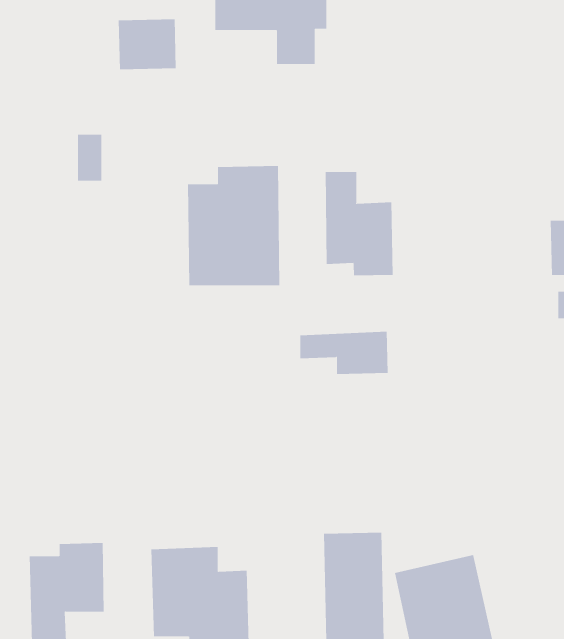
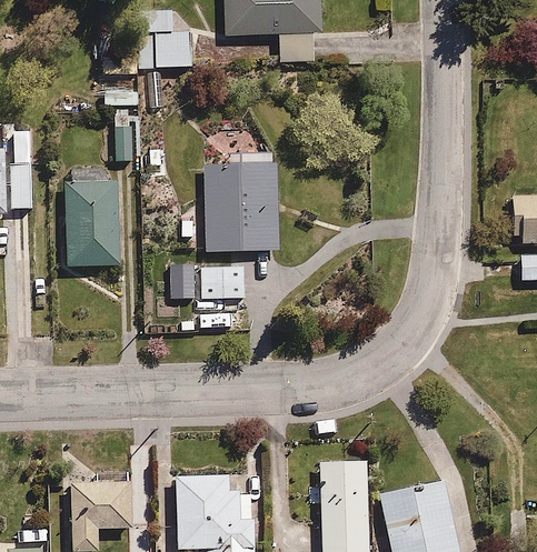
building: [325,171,393,276] -> none
building: none -> [67,179,119,268]
building: [300,331,389,374] -> [171,263,247,300]

